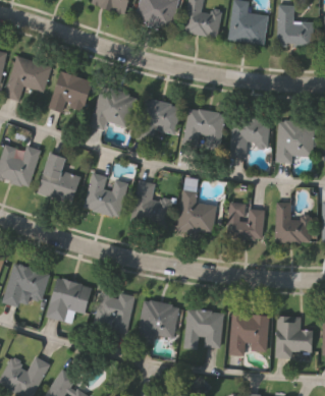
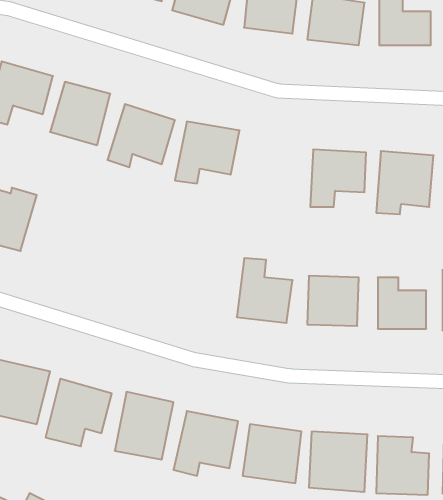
building: [183,108,224,142] -> none
building: [40,155,82,205] -> none
building: [85,174,128,219] -> none
building: [130,181,175,230] -> none

